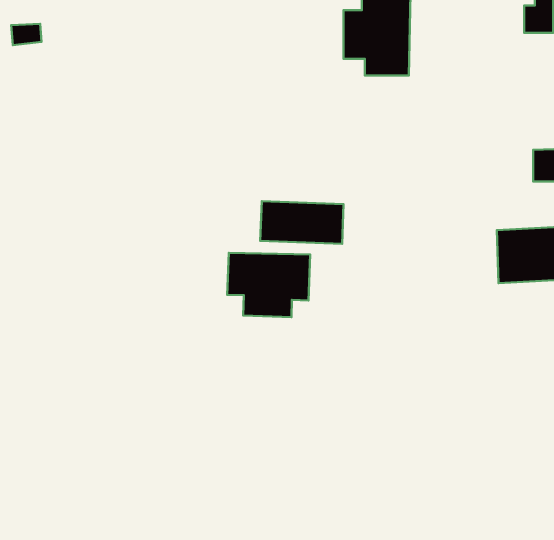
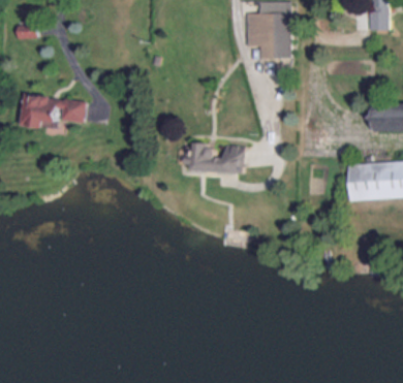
building: none -> [21,96,86,128]
building: [227,253,310,317] -> none

